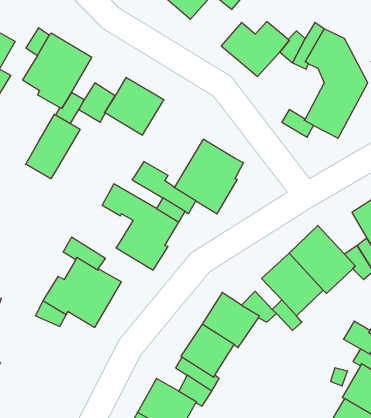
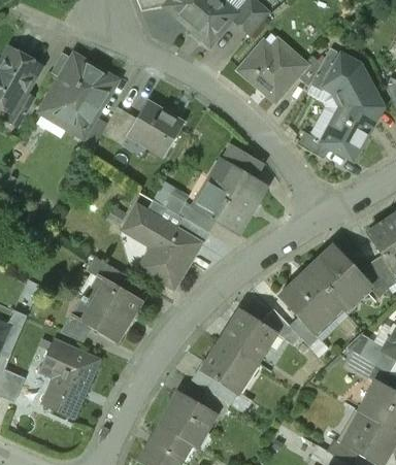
building: [26,114,80,179] -> none
building: none -> [223,146,262,179]
building: none -> [41,341,98,417]

